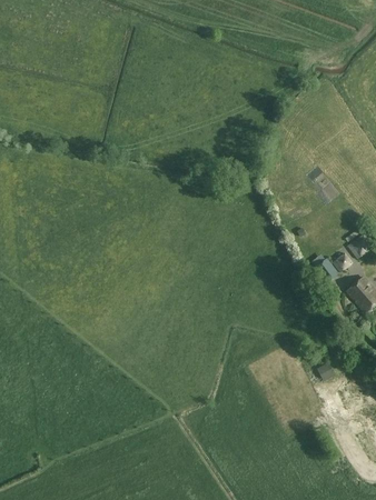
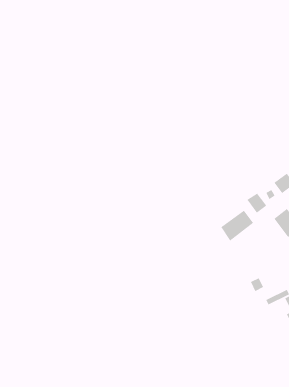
building: none -> [221,210,254,241]

